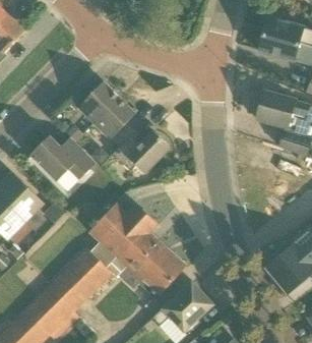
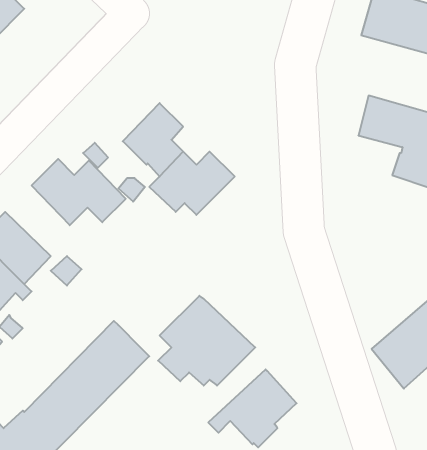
building: [77,81,119,123] -> none
building: [89,203,158,266] -> none

